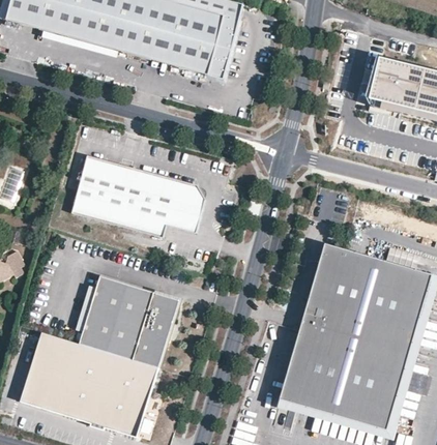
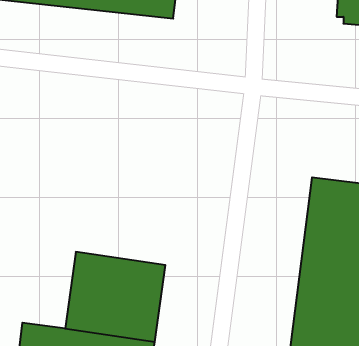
building: [68,155,204,237] -> none

